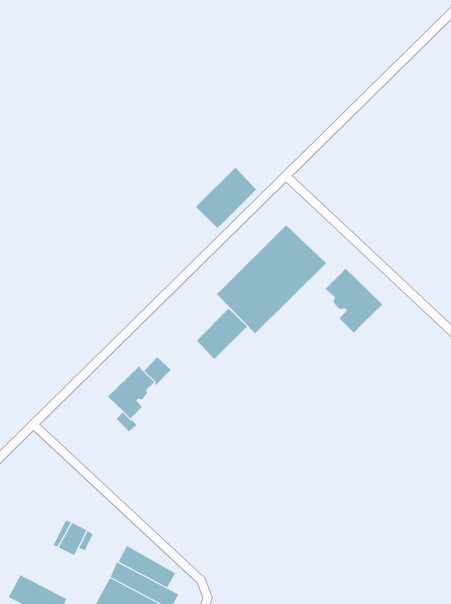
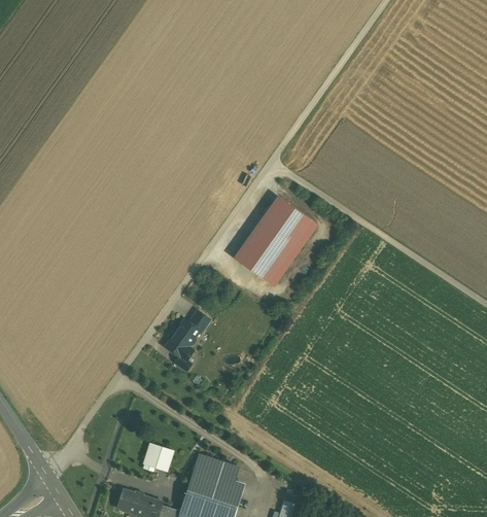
building: [195,167,257,229] -> none
building: [324,268,383,334] -> none
building: [196,308,248,360] -> none

